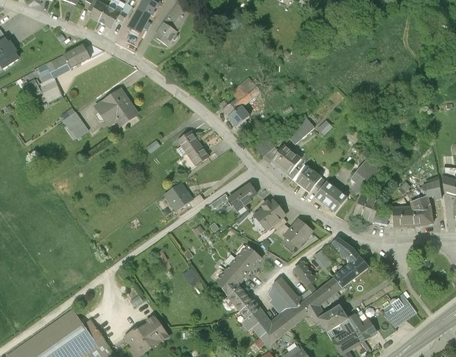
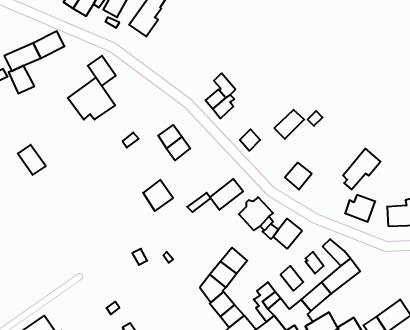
building: none -> [88,56,116,86]
building: [62,111,88,139] -> [18,145,46,175]
building: [274,146,301,173] -> none
building: [315,181,347,211] -> none

